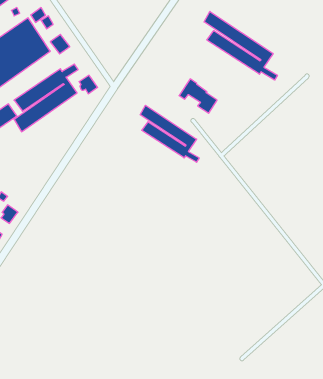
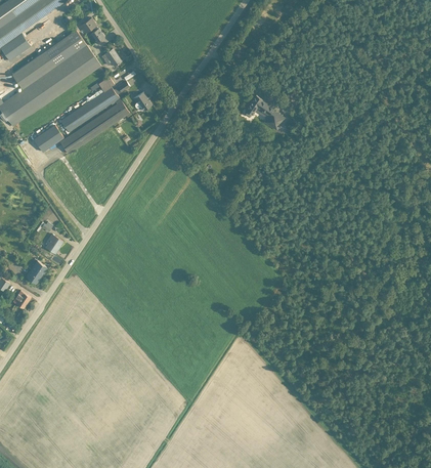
building: [204,11,277,80] -> none
building: [140,105,199,162] -> none

